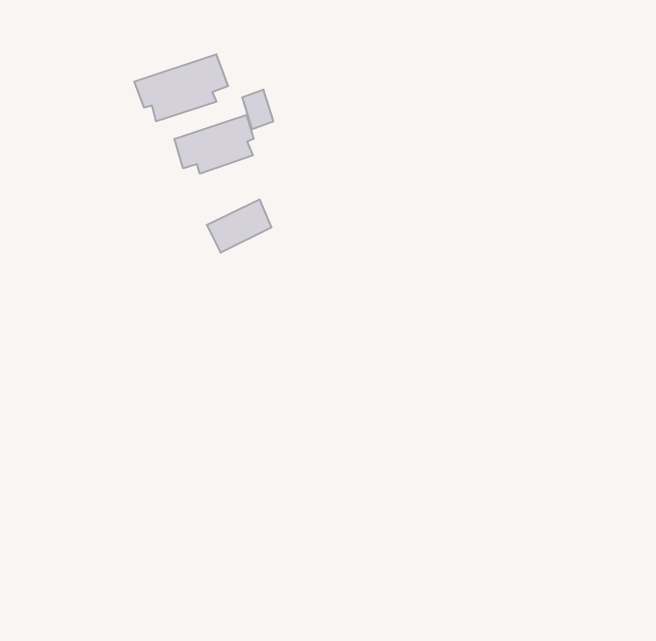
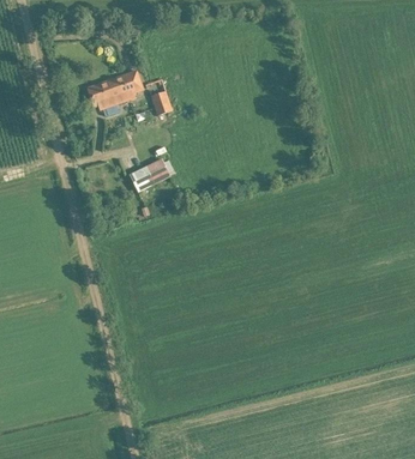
building: [174,115,254,174] -> none

